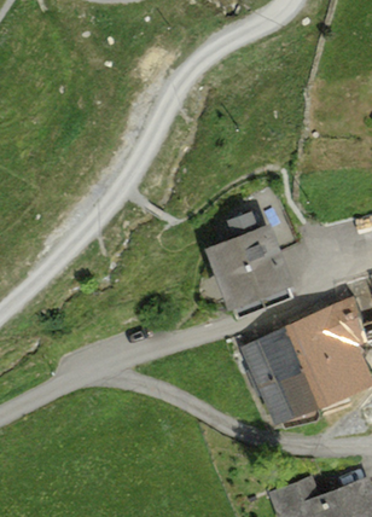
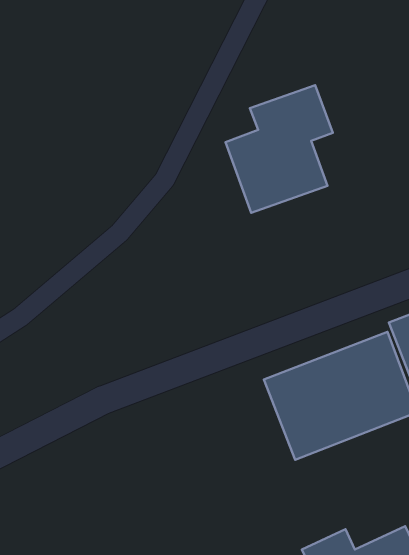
building: [197,197,292,310] -> [225,85,333,213]

